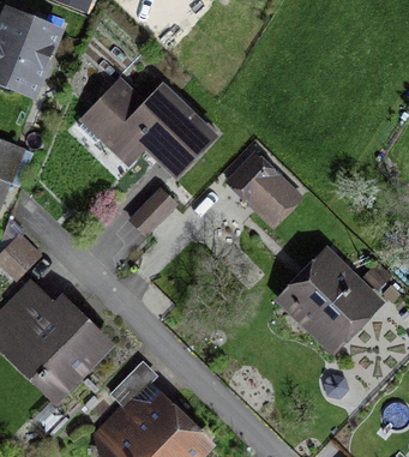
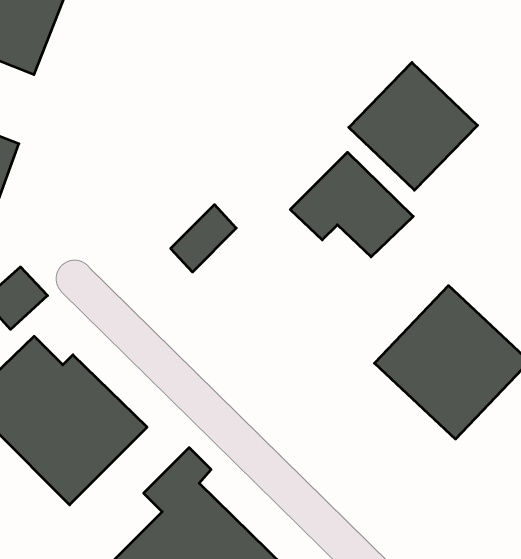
building: [82,80,215,178] -> none
building: none -> [349,62,478,190]

